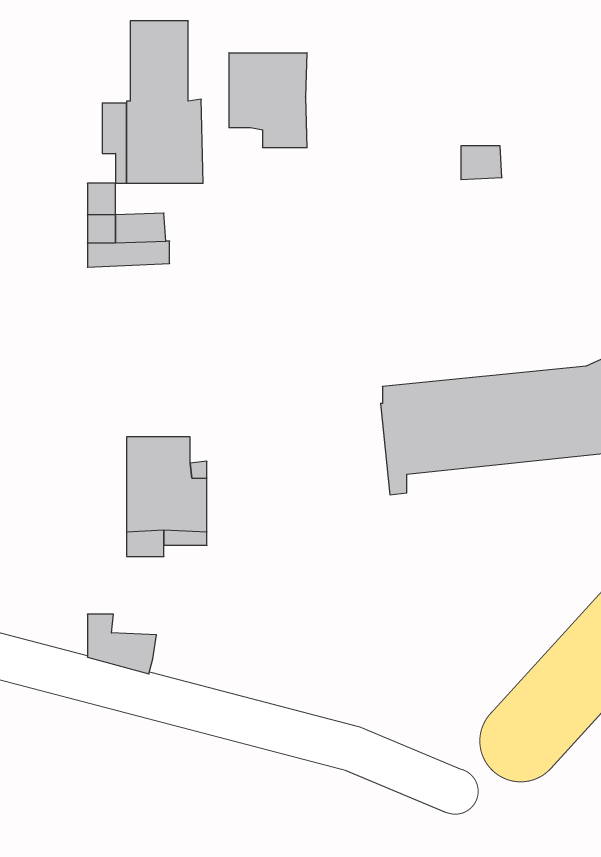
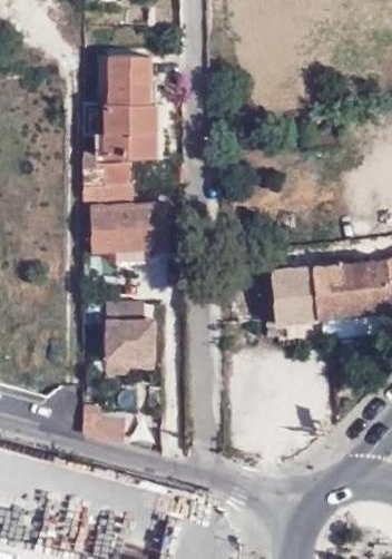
building: [229,53,307,148] -> none
building: none -> [94,205,165,251]

